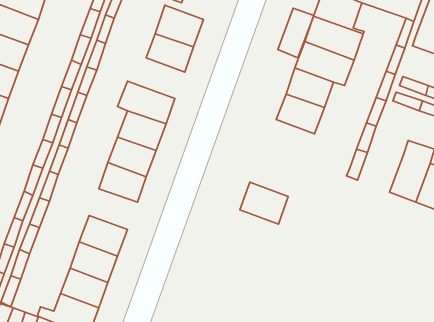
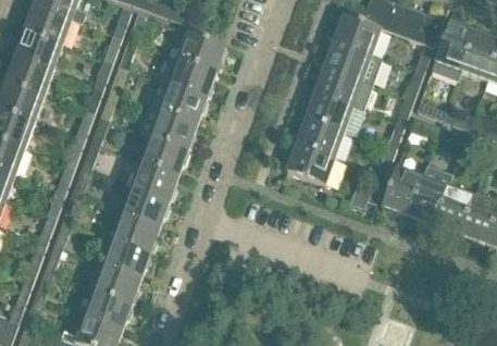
building: [278,8,314,58] -> none
building: none -> [151,81,207,121]
building: none -> [383,165,423,213]
building: [240,182,288,224] -> [287,141,335,183]
building: none -> [112,210,160,250]

